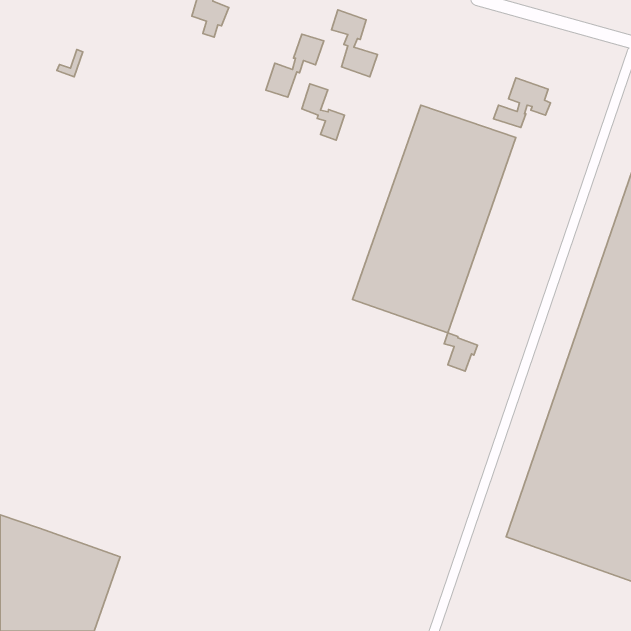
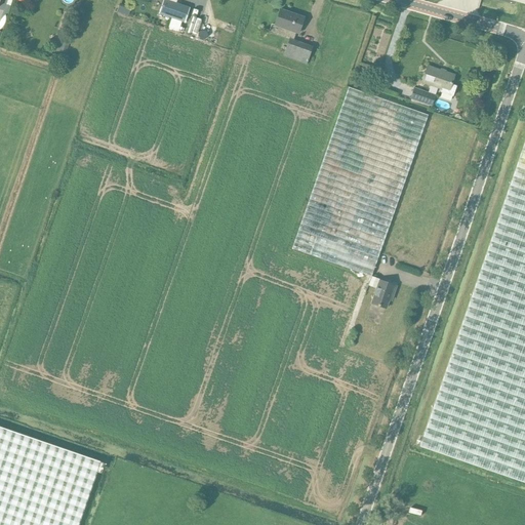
building: [266,34,324,97] -> none
building: [302,84,344,140] -> none

